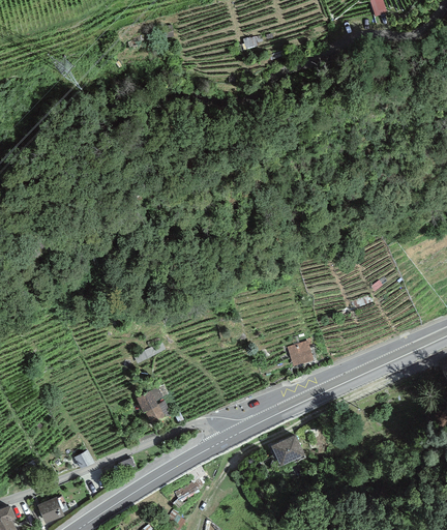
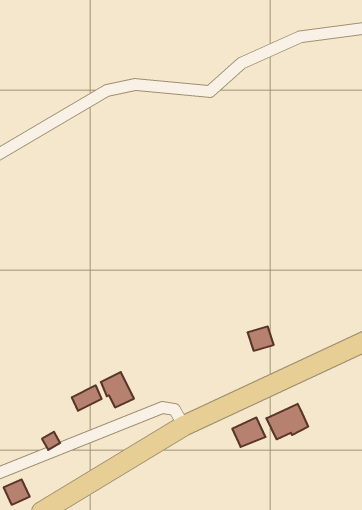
building: none -> [72,385,102,411]
building: none -> [266,404,308,439]

